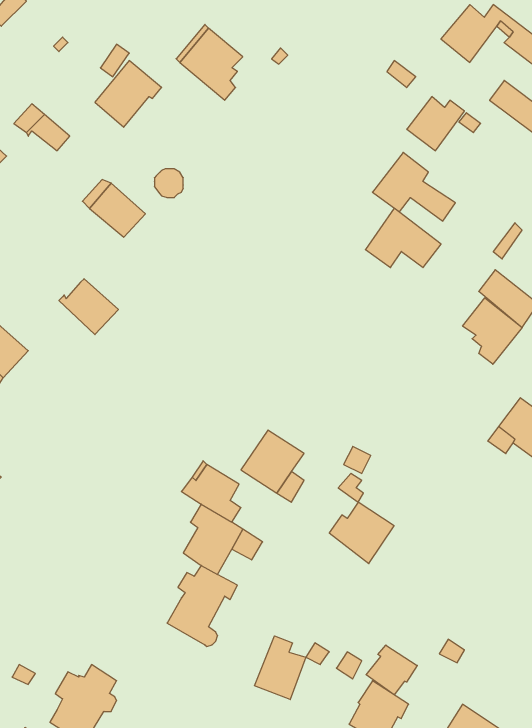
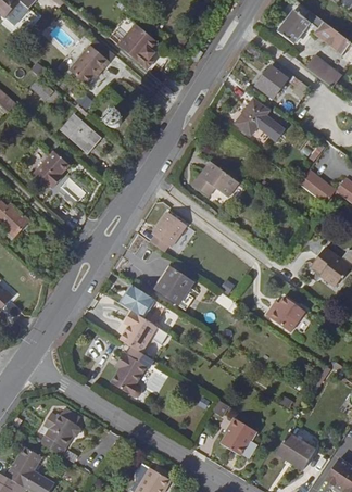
building: [365,208,441,268] -> [193,162,239,198]
building: none -> [33,150,68,188]
building: [463,298,522,364] -> none
building: none -> [151,213,188,253]
building: [329,502,394,564] -> [267,297,306,333]
building: [255,636,306,700] -> none
building: [366,645,417,695] -> none

